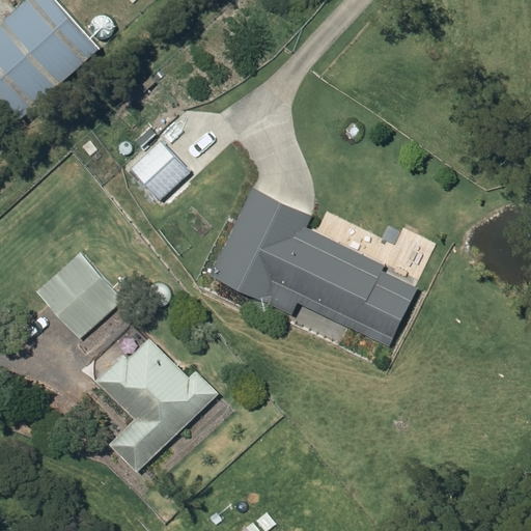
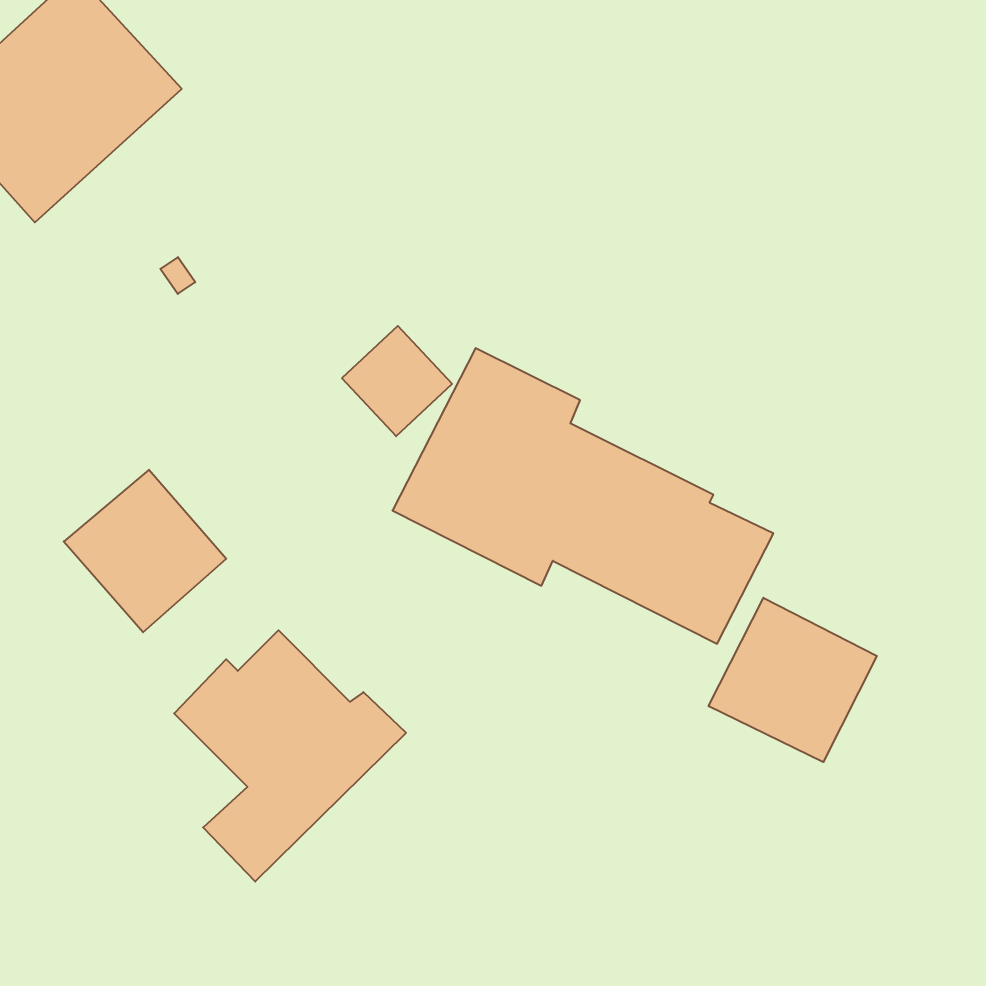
building: [131,141,190,200] -> [342,326,452,436]
building: none -> [709,598,877,762]

